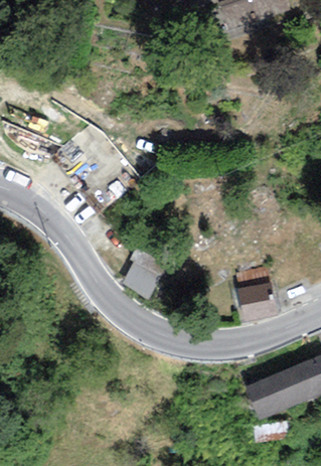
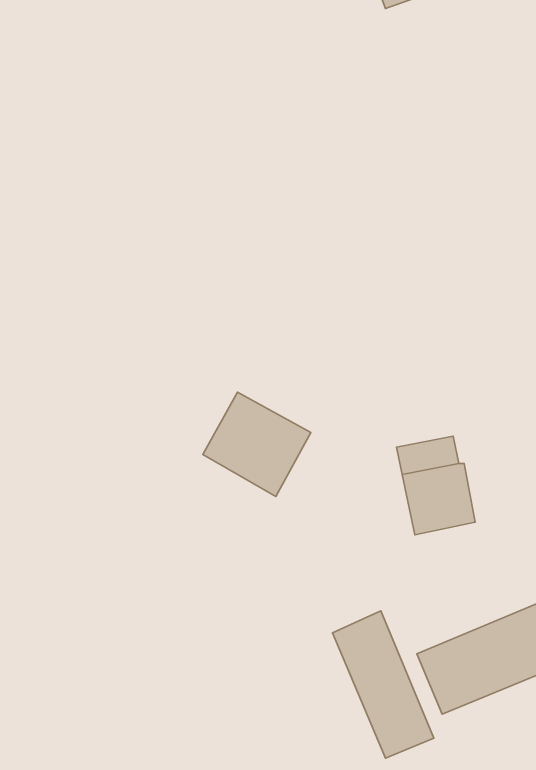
building: none -> [333,611,434,758]

